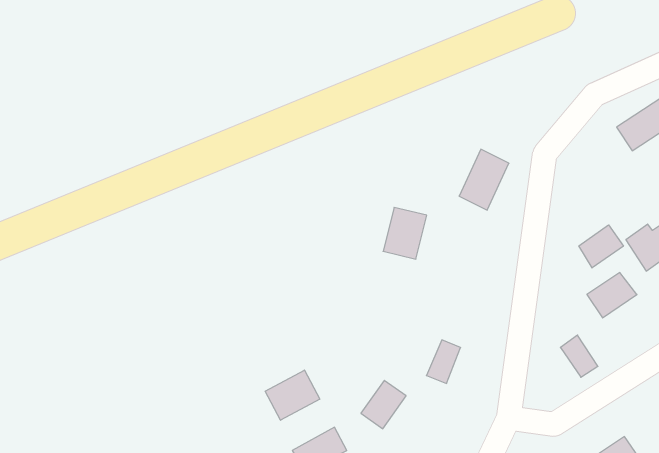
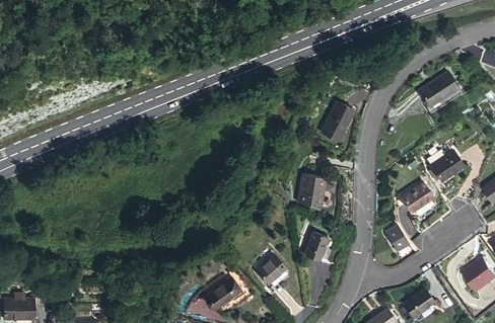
building: [383,207,427,259] -> [296,168,325,201]
building: [579,225,623,268] -> none
building: [265,370,320,420] -> none

